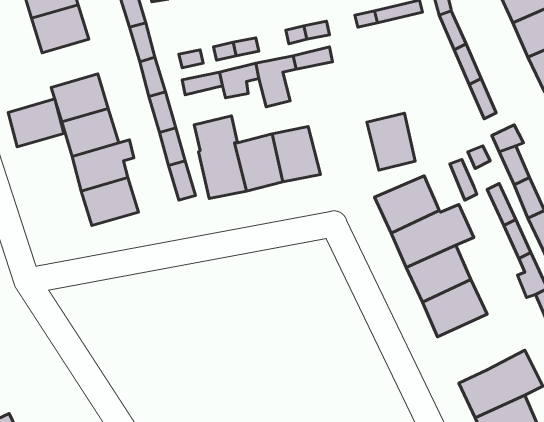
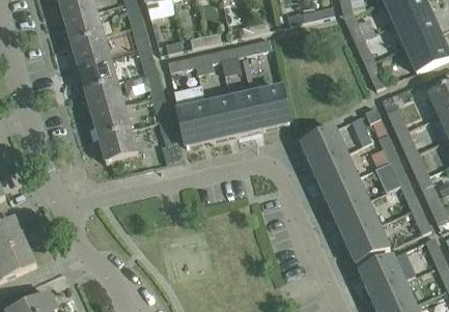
building: [8,99,64,147] -> [71,32,109,65]
building: [367,113,415,170] -> [254,86,287,125]
building: none -> [343,222,388,261]

